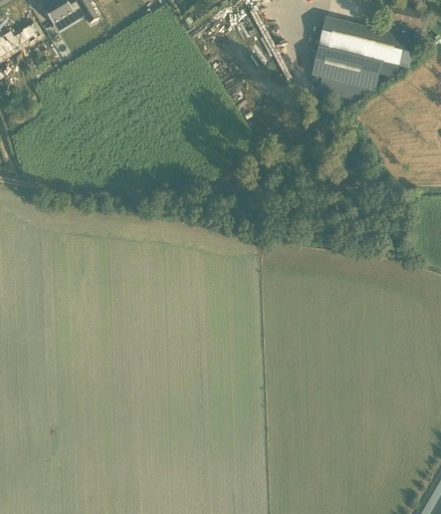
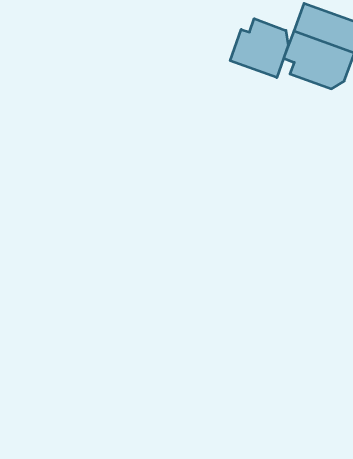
building: none -> [230,19,288,78]

